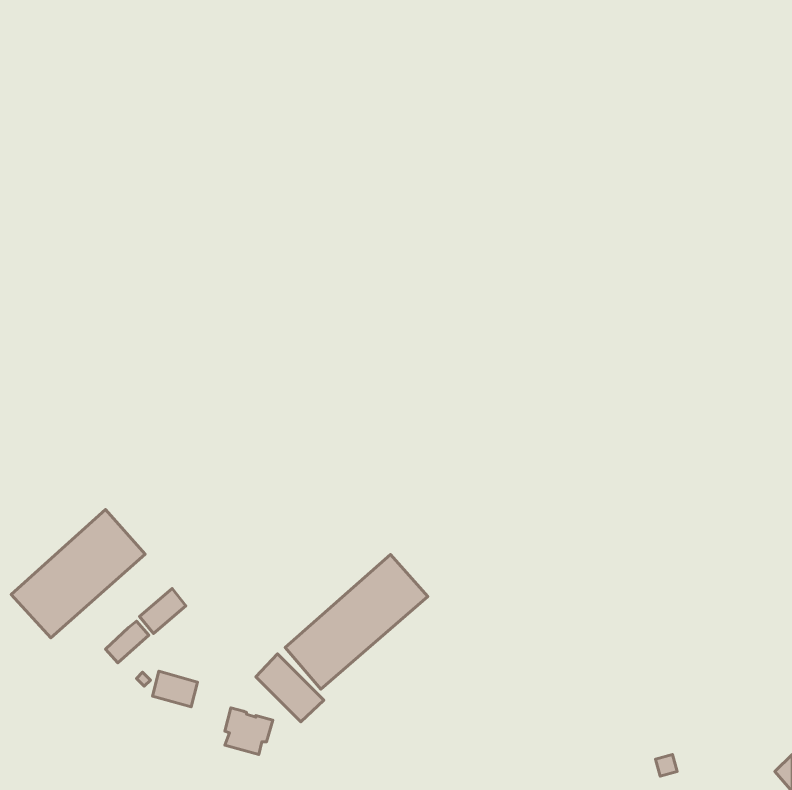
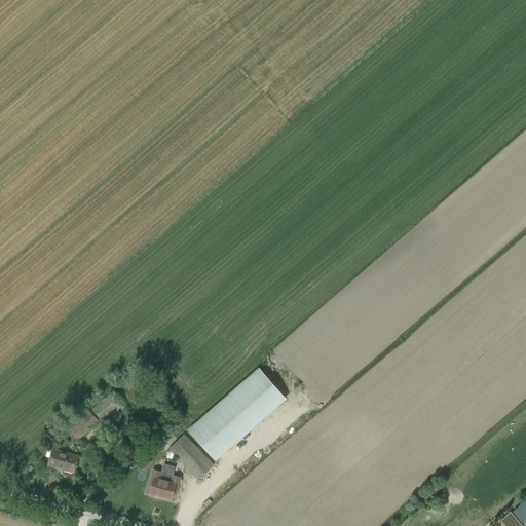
building: [11,509,145,638] -> none
building: [153,671,197,707] -> [48,450,78,474]

